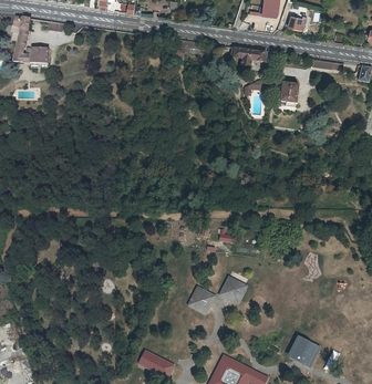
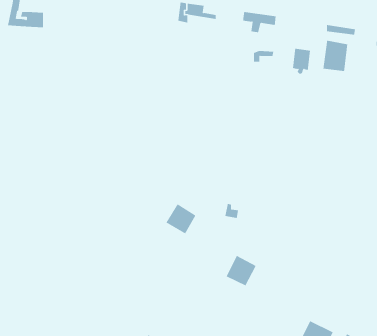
building: none -> [323,40,348,72]
building: [186,287,215,315] -> [165,204,196,234]

